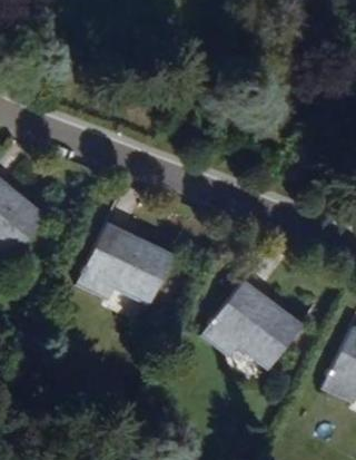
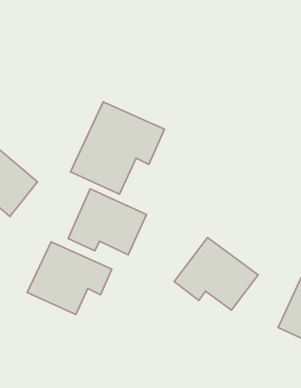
building: none -> [71,102,164,194]
building: none -> [27,242,112,315]

